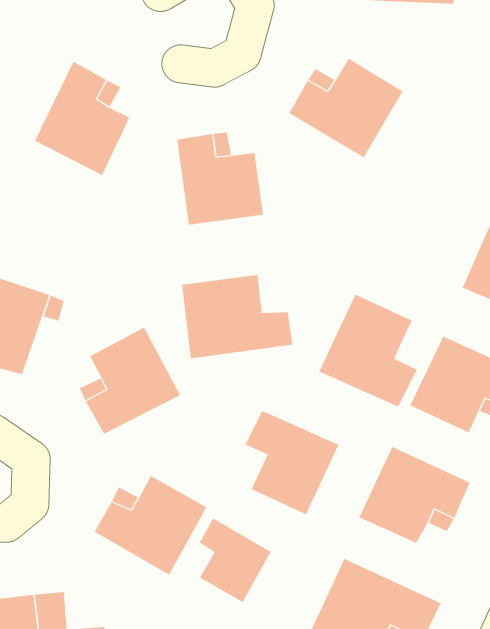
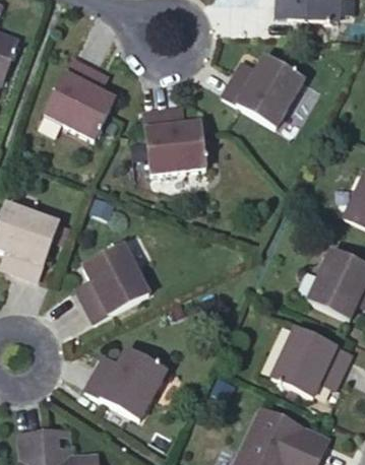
building: [182,274,293,359] -> none
building: [319,294,418,408] -> none
building: [245,410,339,515] -> none
building: [199,518,271,603] -> none

